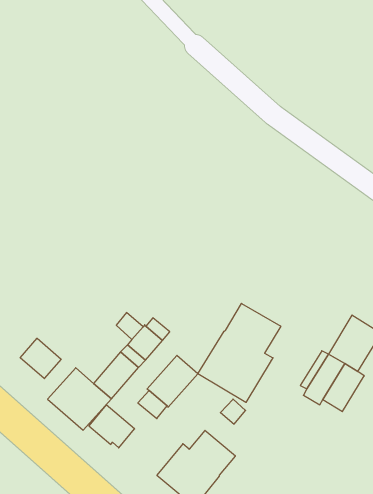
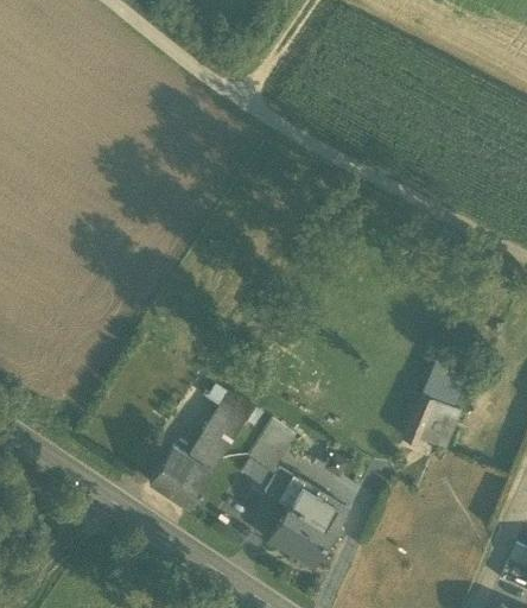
building: [198,303,281,402] -> none
building: [20,338,61,379] -> none
building: [89,405,135,448] -> [264,468,310,509]

